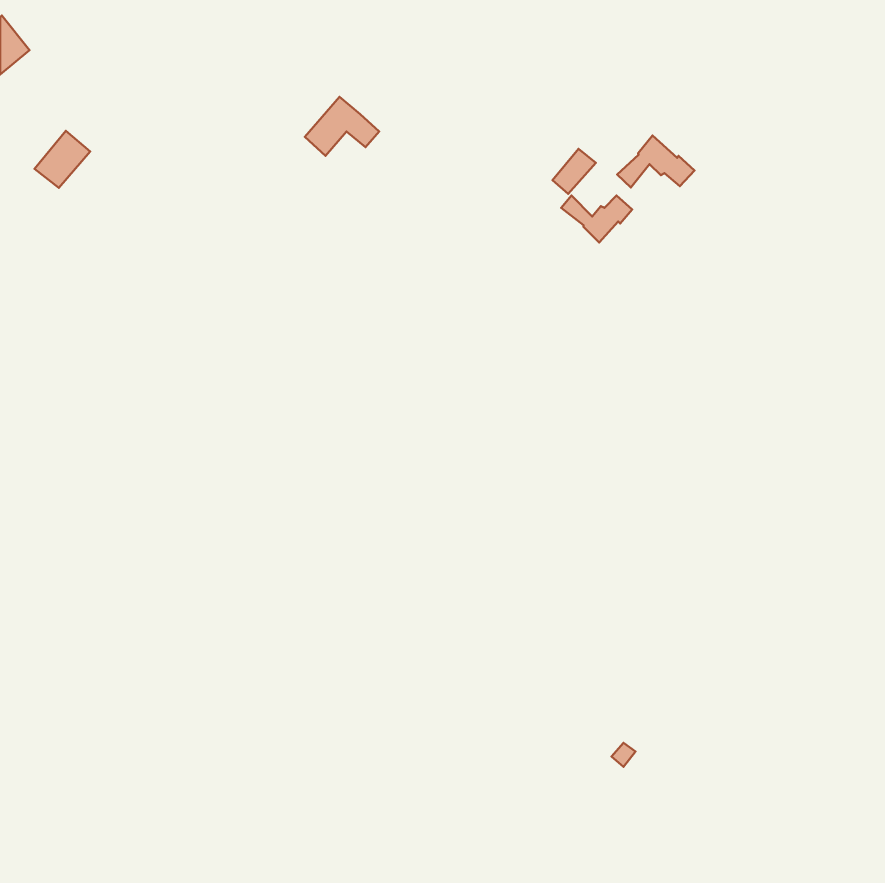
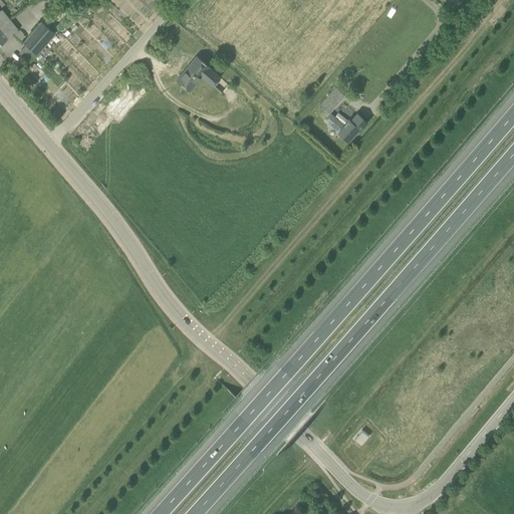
building: [35,131,90,188] -> [23,21,55,54]
building: [617,136,694,187] -> none

